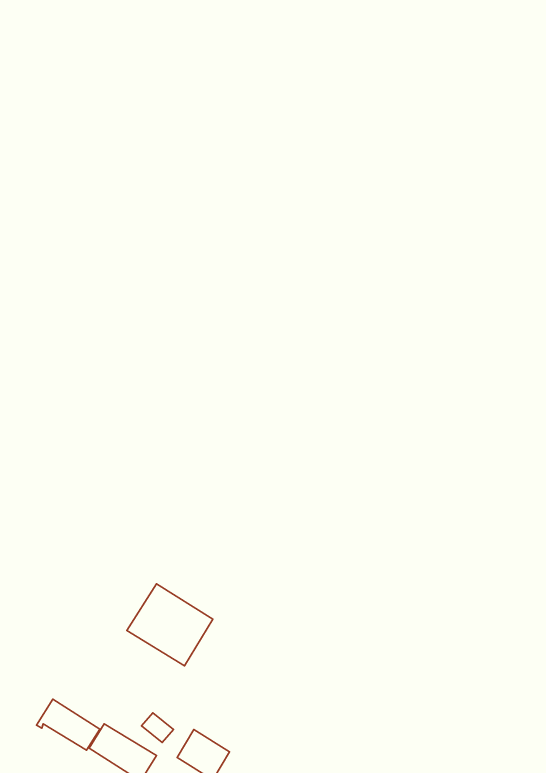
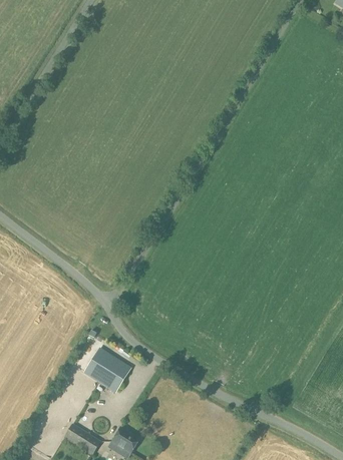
building: [36,699,100,750] -> none

